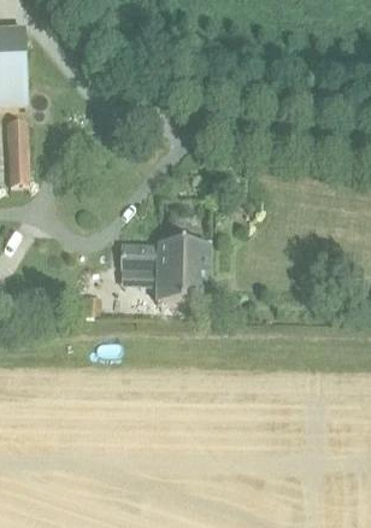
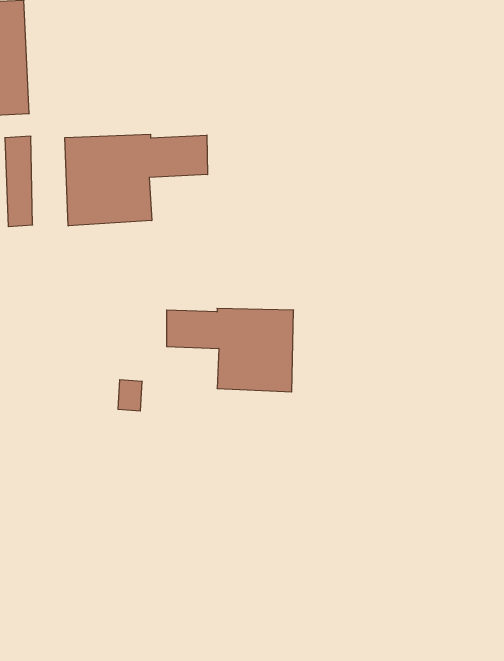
building: none -> [65,134,208,226]

